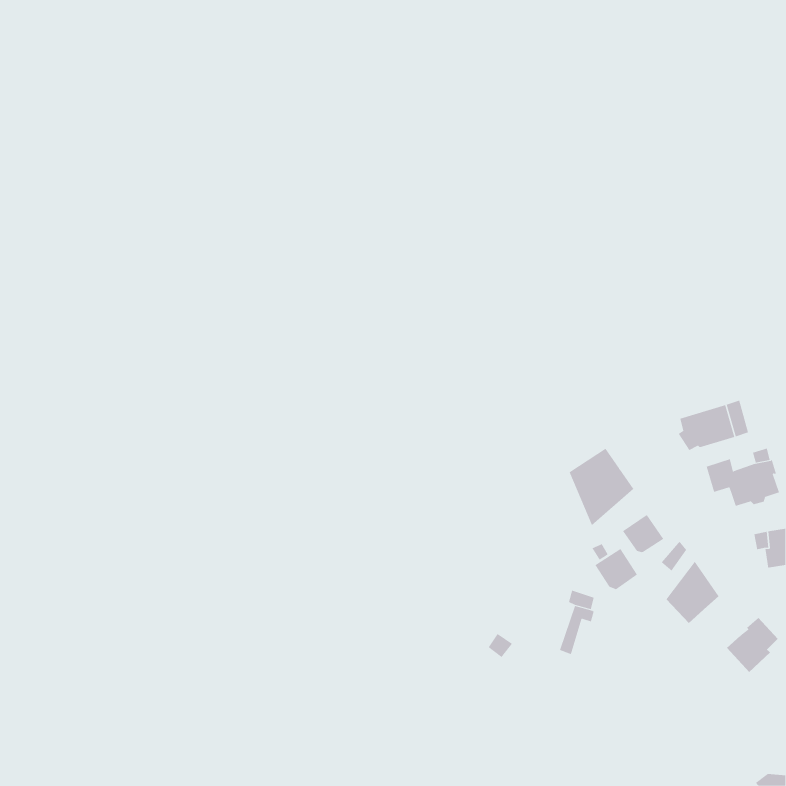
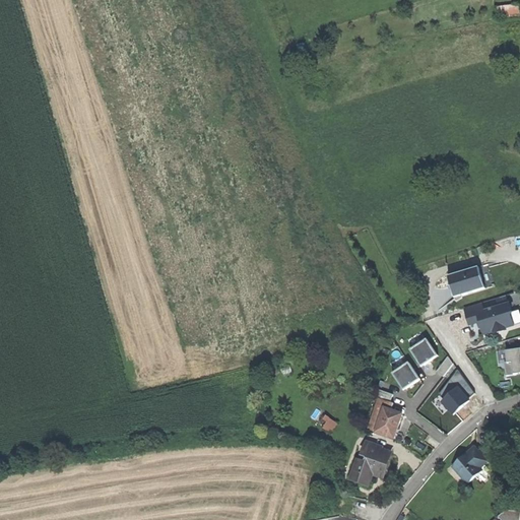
building: [569,448,634,526] -> none
building: [726,617,779,673] -> [452,446,486,482]
building: none -> [376,407,400,437]
building: none -> [349,443,390,485]

